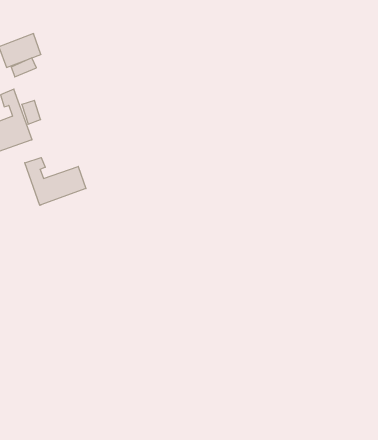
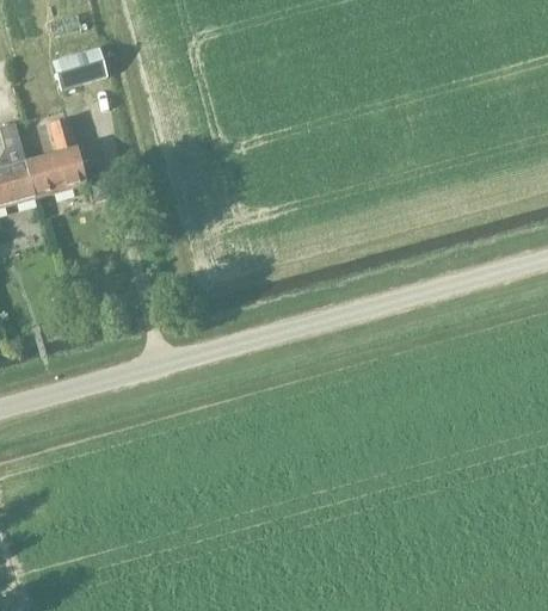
building: [25,158,86,205] -> none

